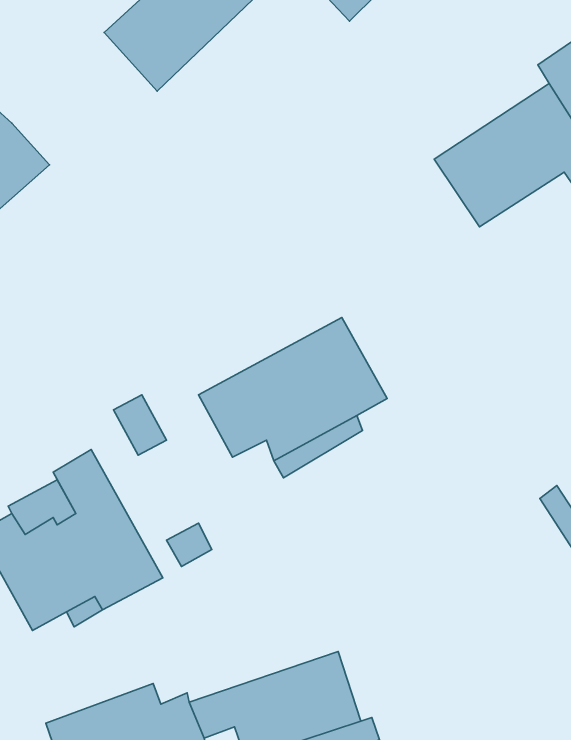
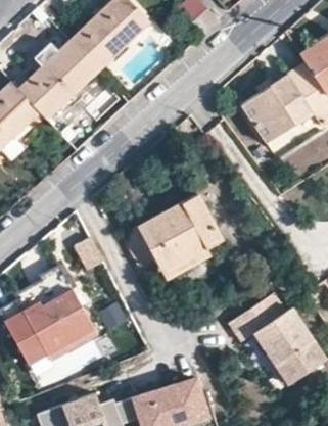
building: none -> [19,40,98,135]
building: none -> [221,294,318,382]

